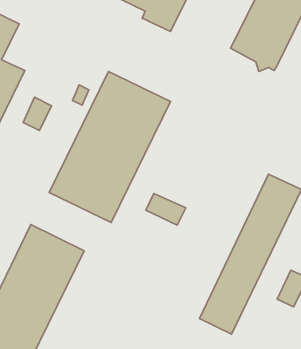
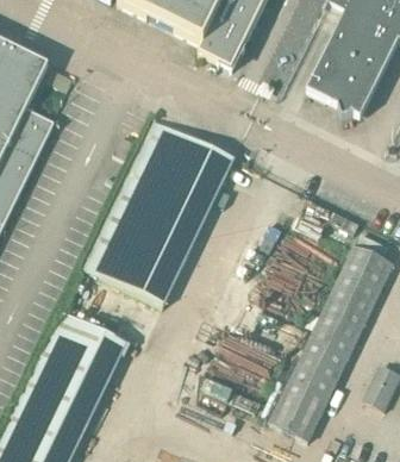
building: [23,97,52,131] -> none
building: [146,194,186,225] -> none

